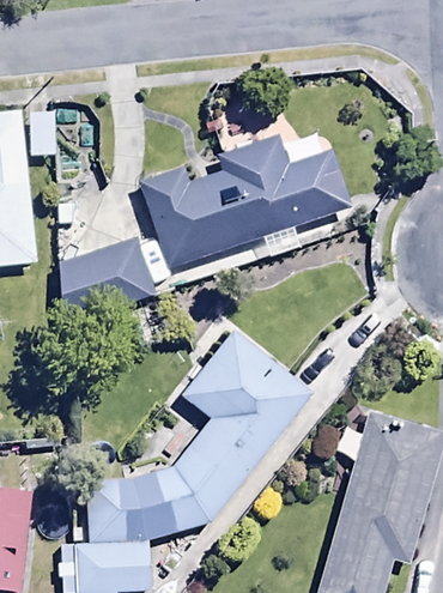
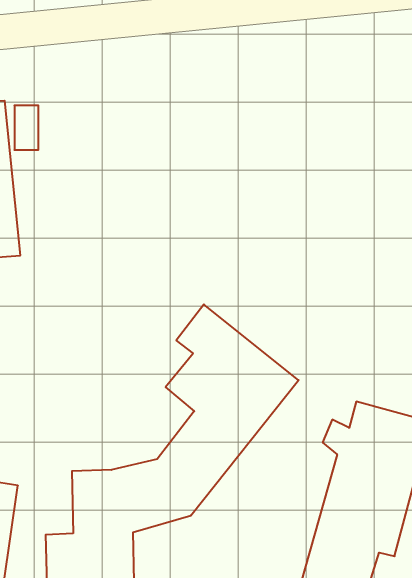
building: [128,139,352,277] -> none
building: [59,240,154,323] -> none

